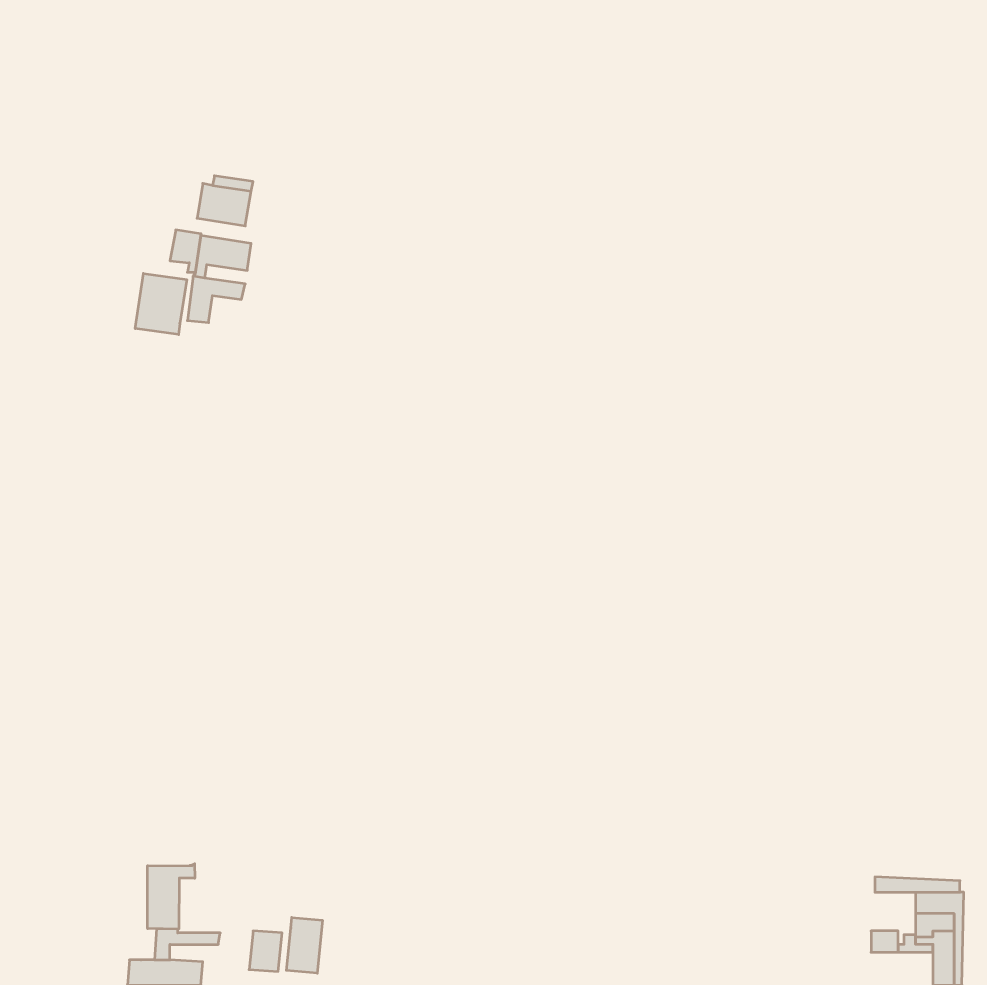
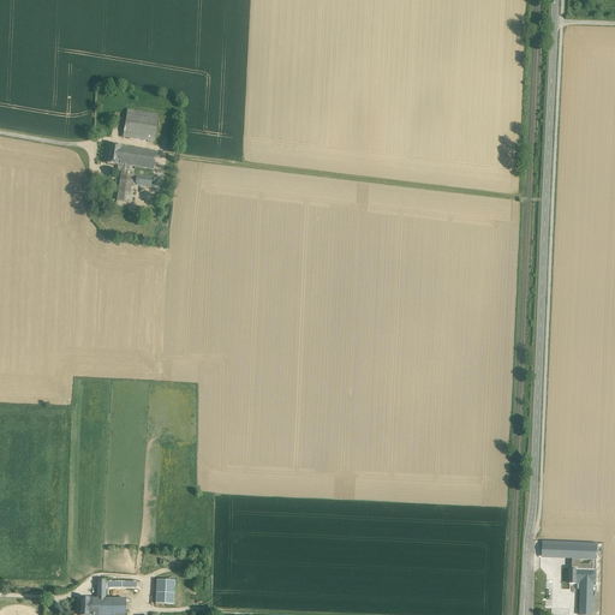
building: [135,273,187,335] -> none
building: [148,864,195,929] -> none
building: [286,917,322,973] -> none

